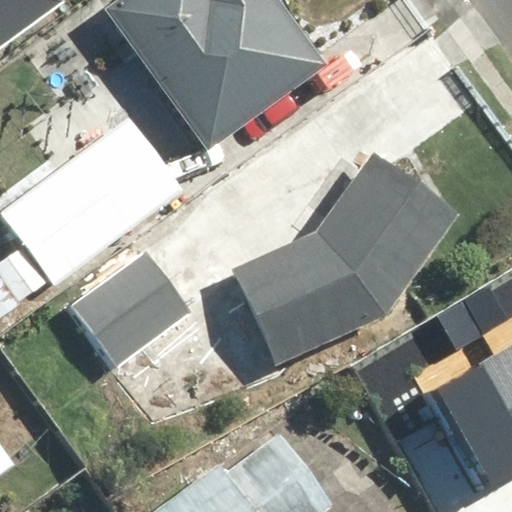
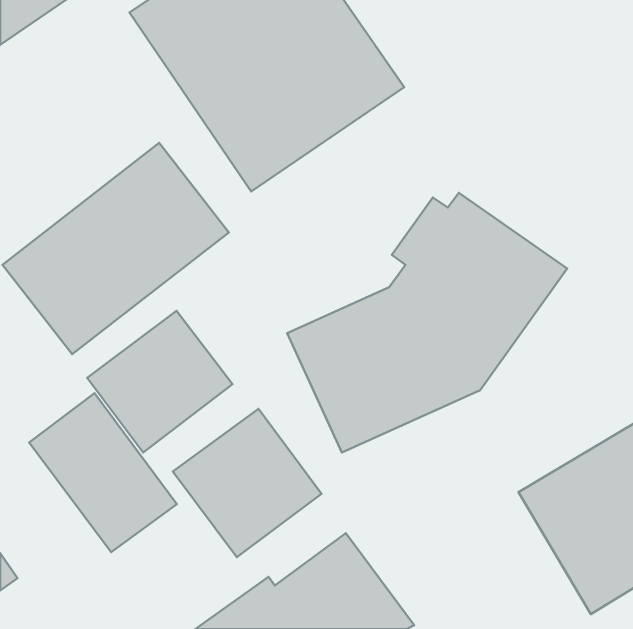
building: none -> [29,393,177,552]
building: none -> [173,409,321,557]

